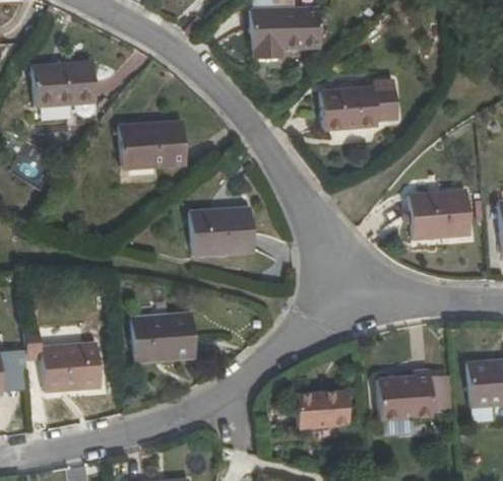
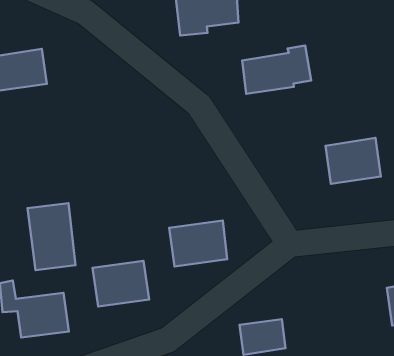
building: [120,121,187,169] -> none
building: [190,207,254,256] -> [169,220,227,266]
building: none -> [28,203,75,270]
building: [378,369,435,419] -> none

